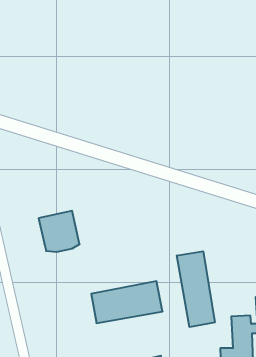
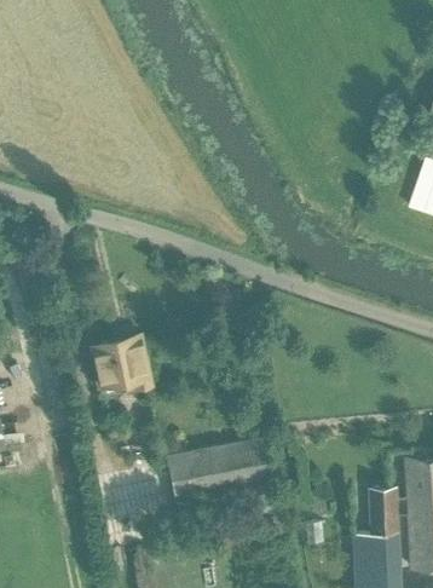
building: [177,251,215,327] -> none

